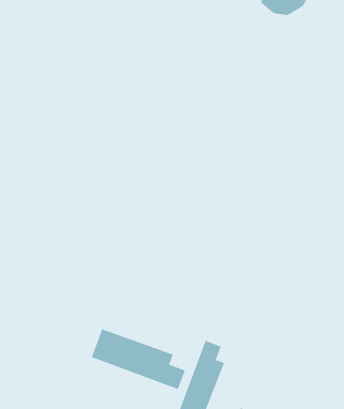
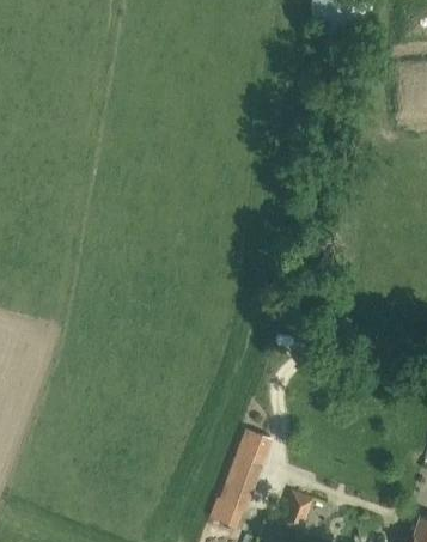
building: [91,328,186,390] -> none

